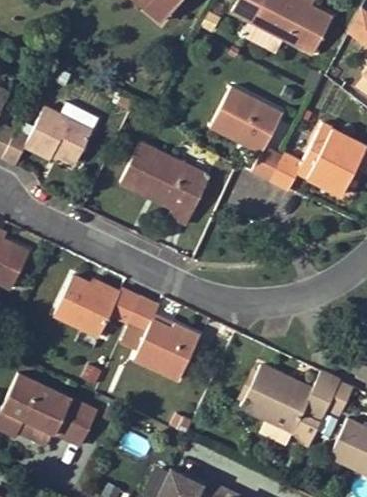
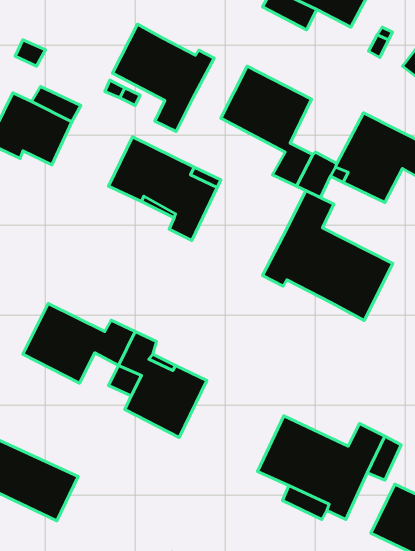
building: none -> [112,24,214,131]
building: none -> [263,191,393,320]

